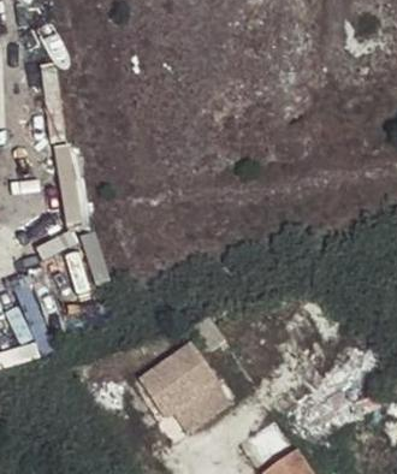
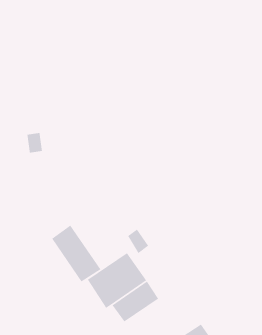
building: none -> [51,224,101,282]

